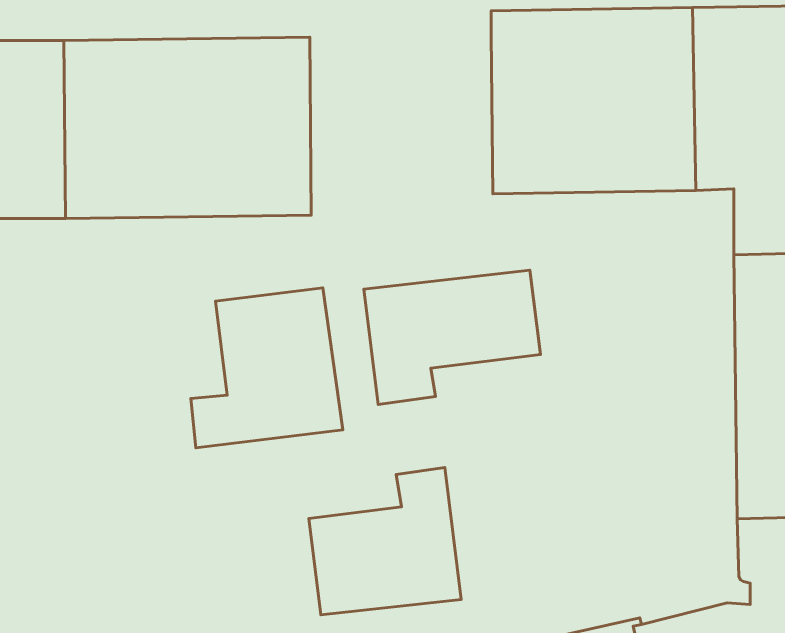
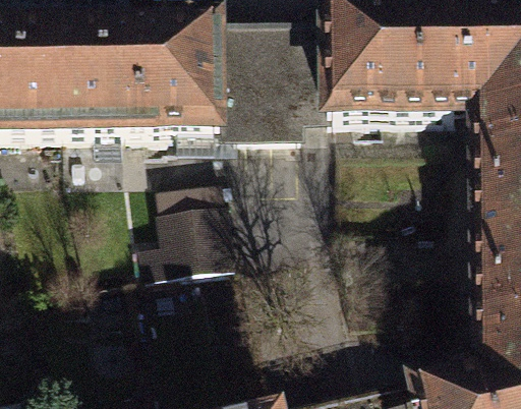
building: none -> [216,28,329,142]
building: [364,270,540,405] -> none
building: [309,468,461,615] -> none

